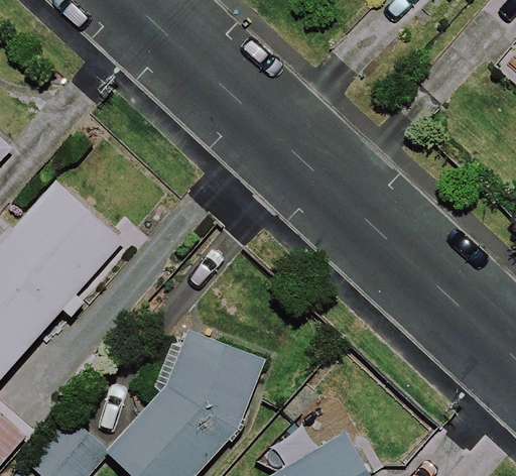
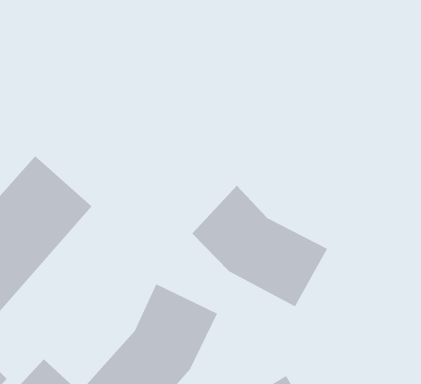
building: none -> [191,185,328,307]

